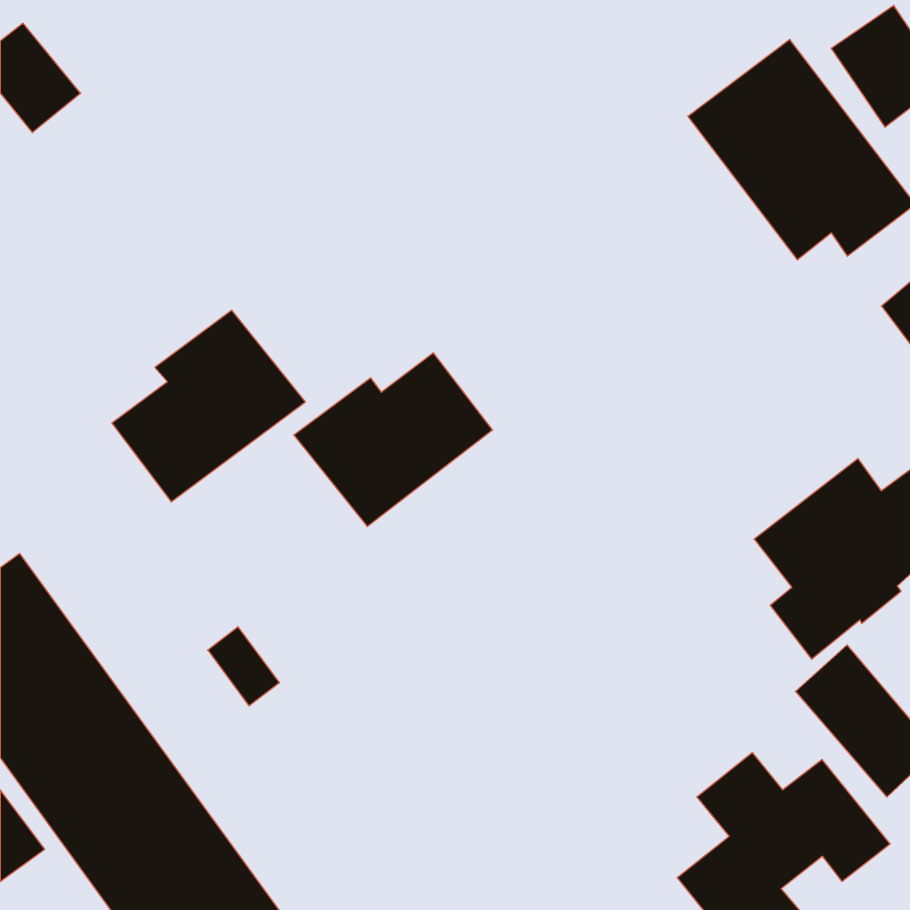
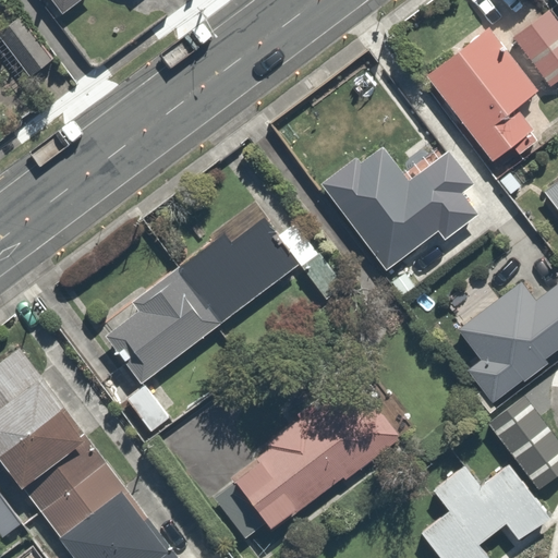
building: none -> [318,138,485,268]
building: [112,310,305,502] -> [109,268,227,385]
building: none -> [231,374,407,531]

